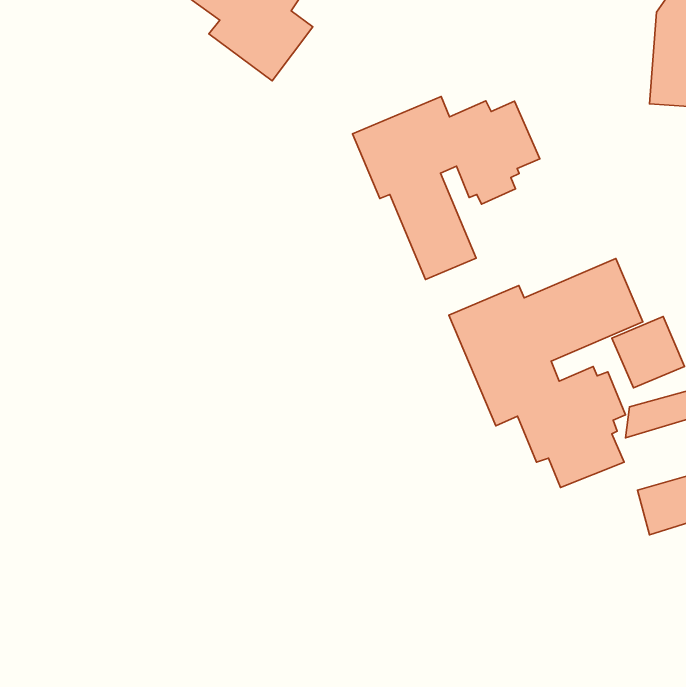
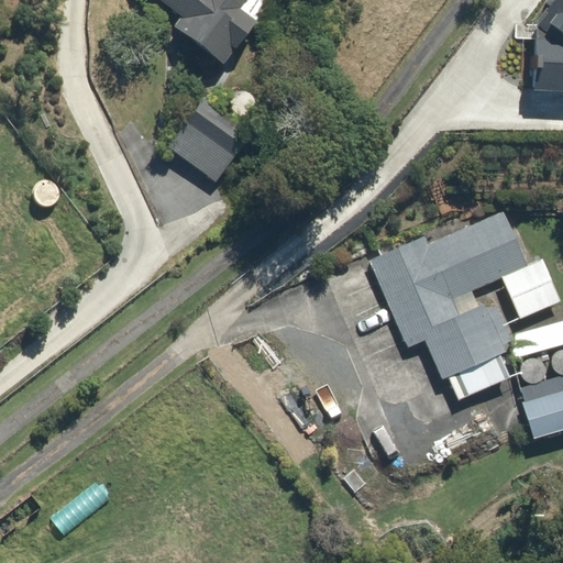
building: [352,97,540,279] -> none
building: none -> [168,97,254,183]

